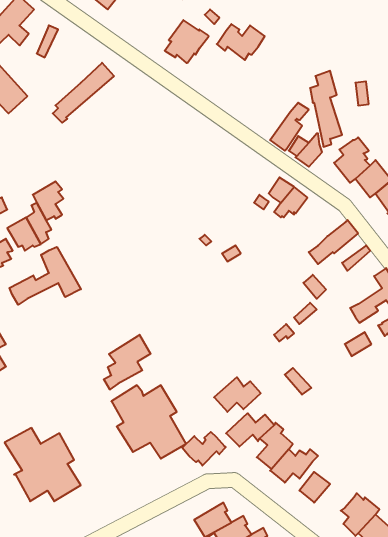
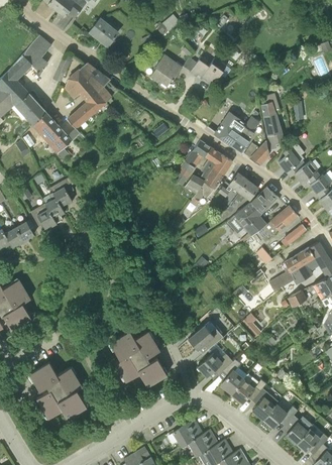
building: none -> [66,64,110,102]
building: none -> [31,112,80,159]
building: none -> [215,116,245,145]
building: none -> [173,140,232,206]
building: none -> [233,187,278,236]
building: [9,247,81,305] -> none
building: none -> [268,247,315,293]
building: [104,335,151,390] -> none
building: [182,432,226,466] -> none
building: none -> [263,404,298,429]

